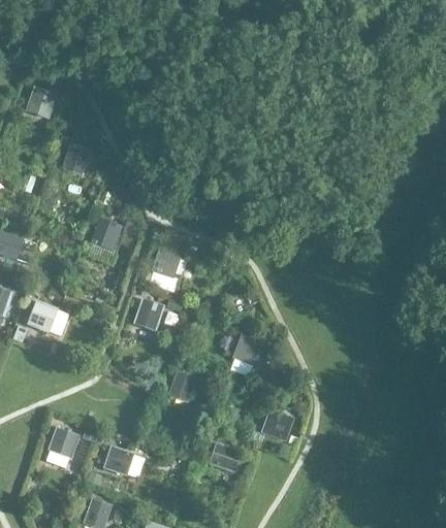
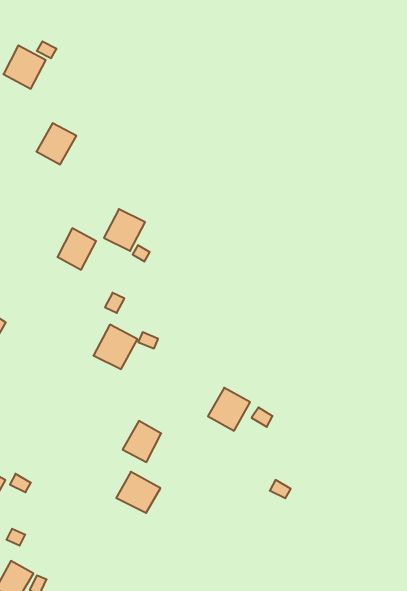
building: [151,246,182,278] -> [104,209,145,251]
building: [260,408,294,441] -> none
building: [208,441,242,472] -> [116,472,160,513]
building: [103,446,133,475] -> none

